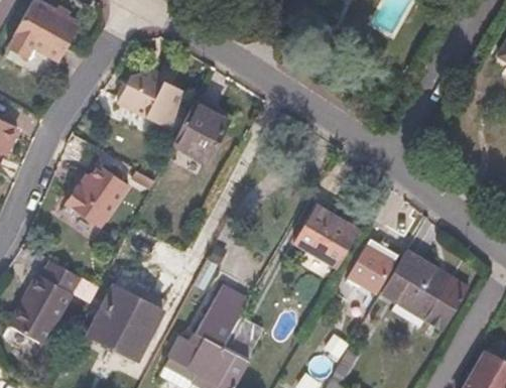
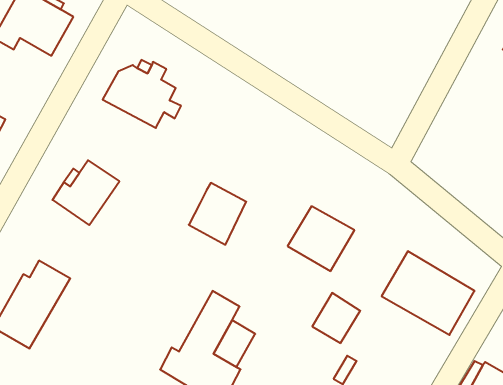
building: [171,104,227,163] -> [189,183,246,245]
building: [349,246,395,294] -> [312,293,360,343]
building: [87,285,159,360] -> none

